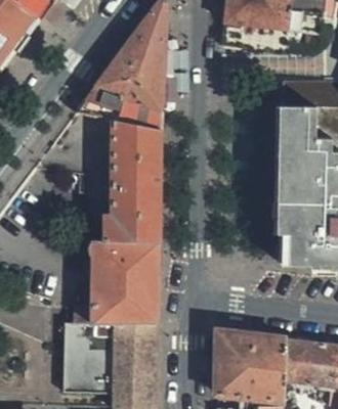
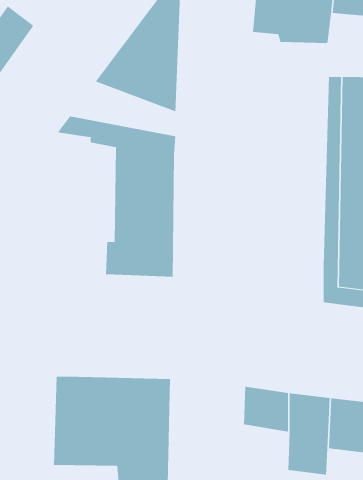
building: [75,85,161,129] -> none
building: [72,240,159,324] -> none
building: [215,361,252,398] -> none

